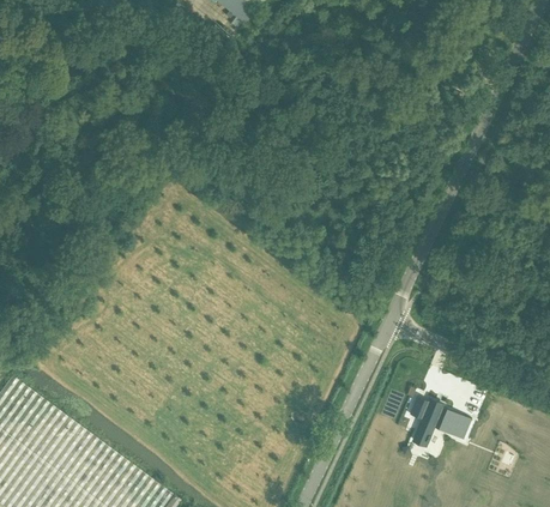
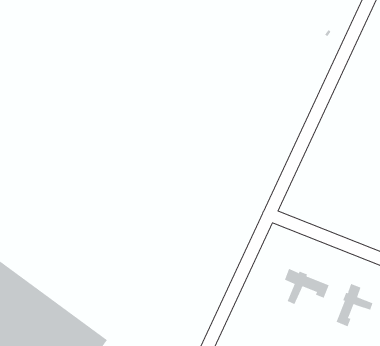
building: none -> [336,283,373,327]

